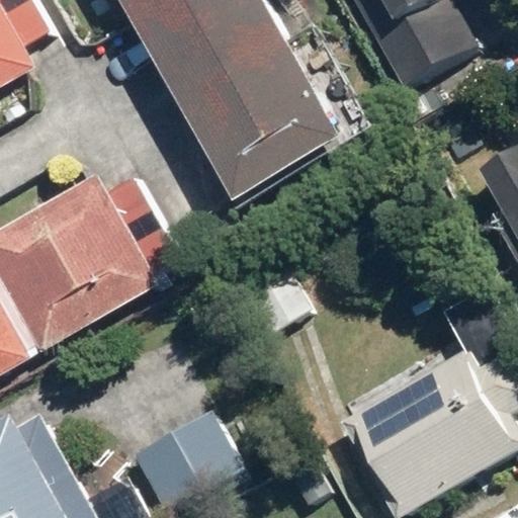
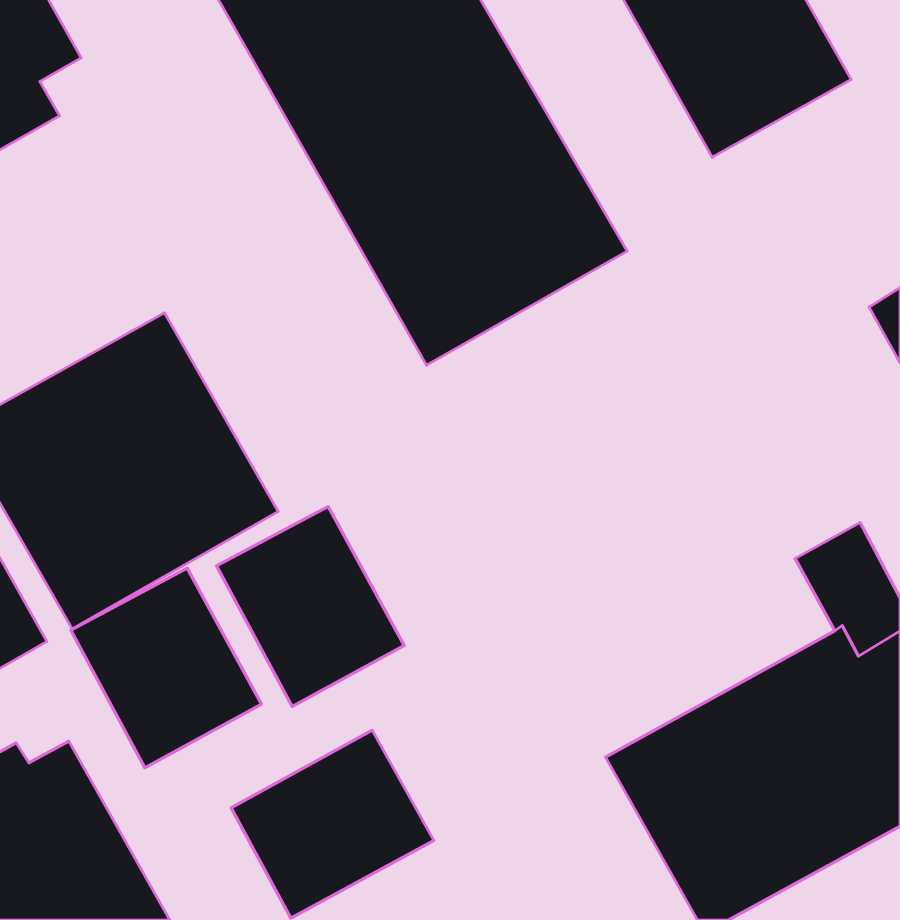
building: none -> [217,506,404,706]
building: none -> [71,568,262,768]

